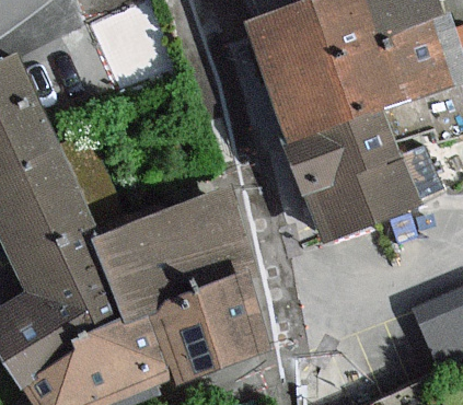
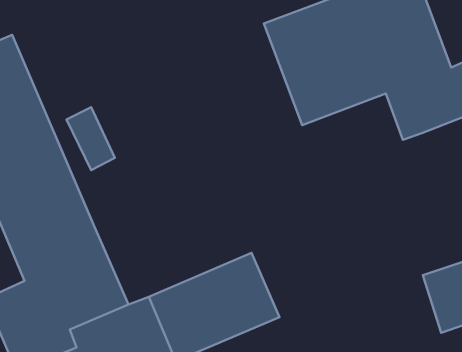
building: [282,116,428,241] -> none
building: [93,194,245,321] -> none

